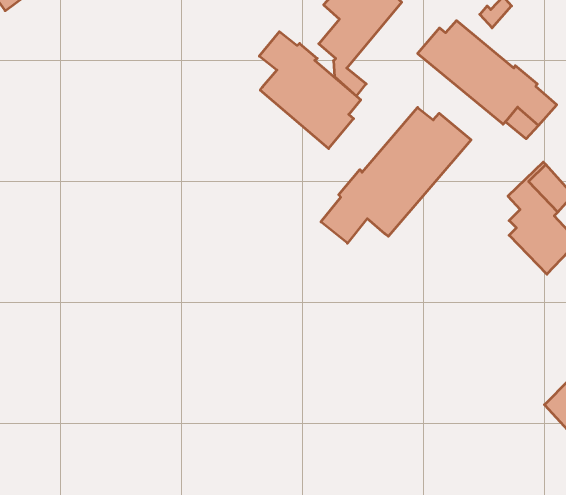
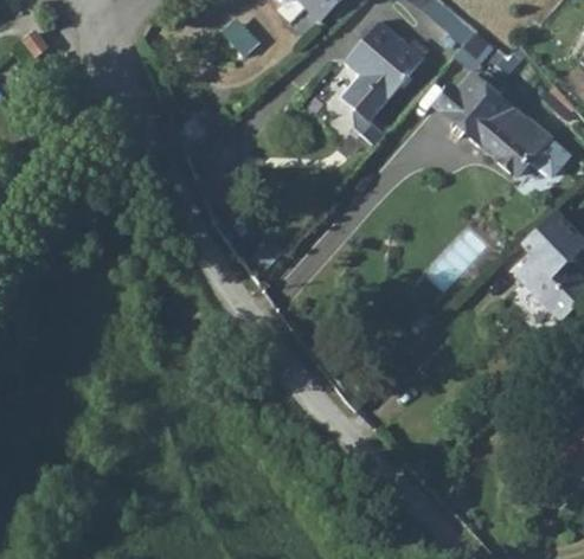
building: [259,32,361,149] -> none
building: [321,107,471,243] -> none

